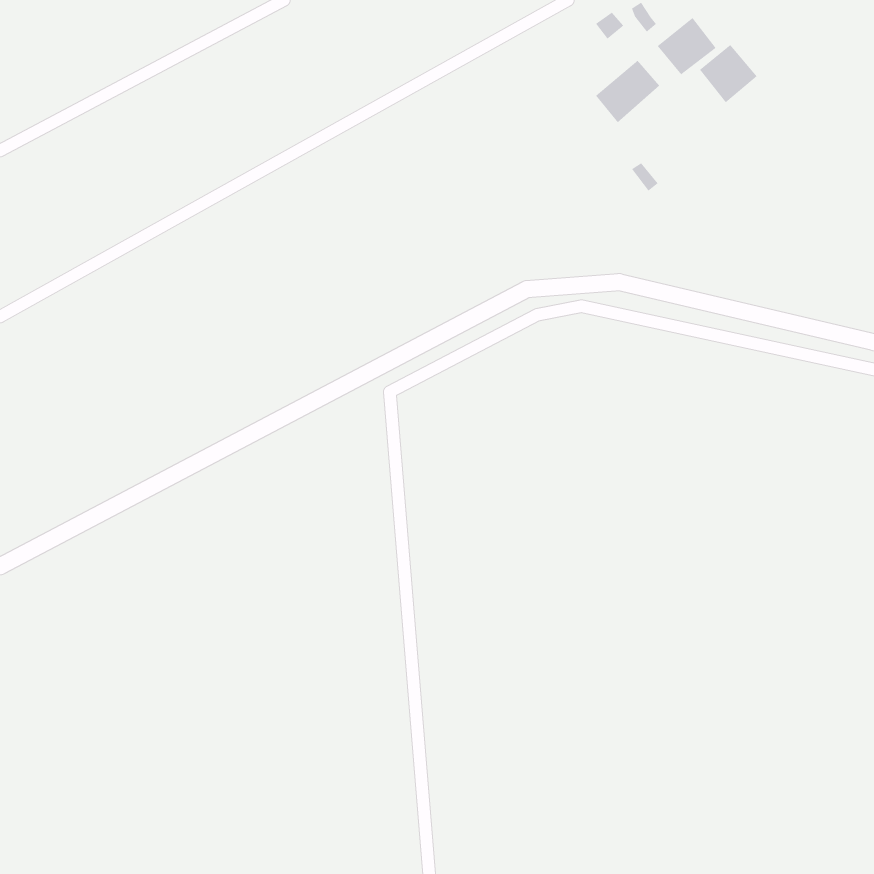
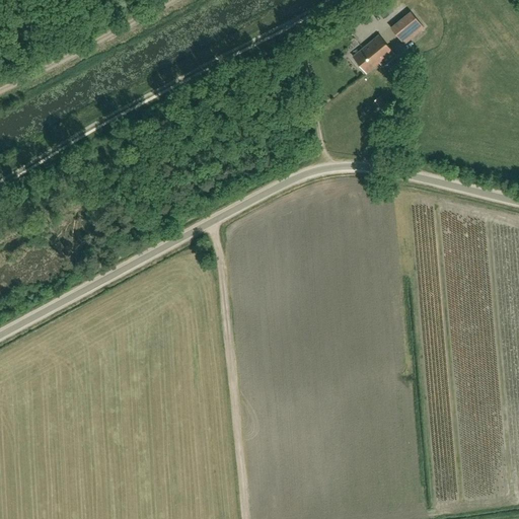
building: [699,44,758,103] -> none

